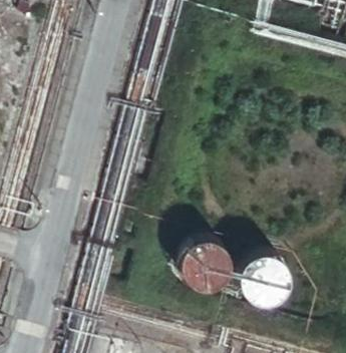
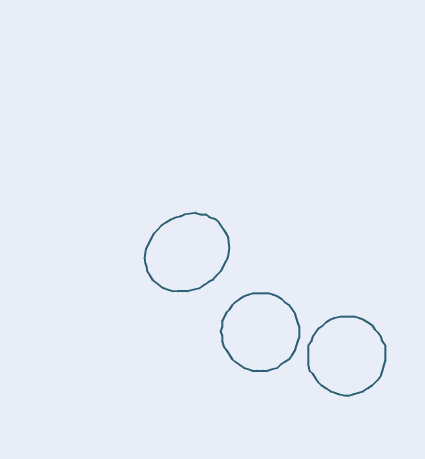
building: none -> [145,213,229,291]

